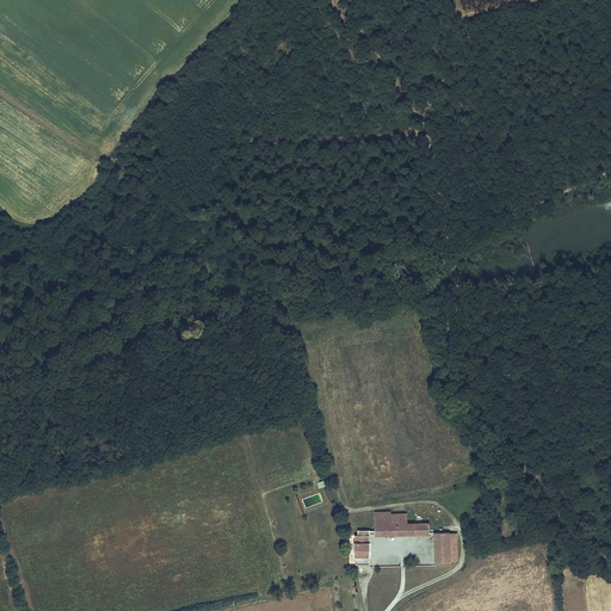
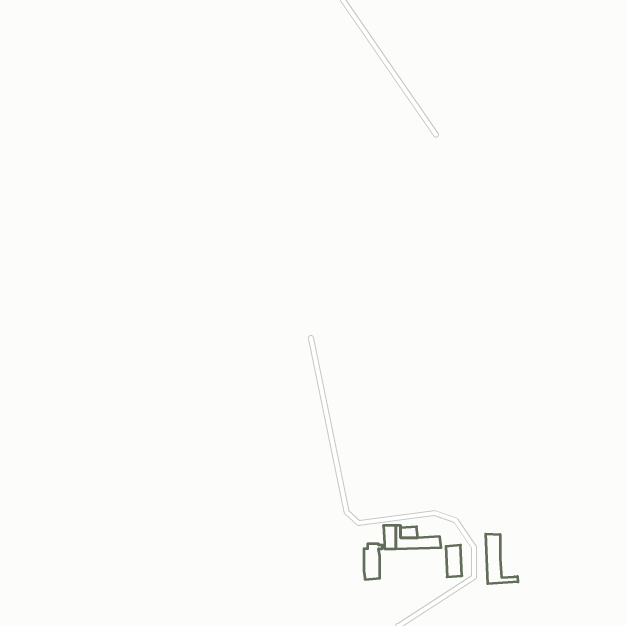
building: none -> [486,534,518,584]

